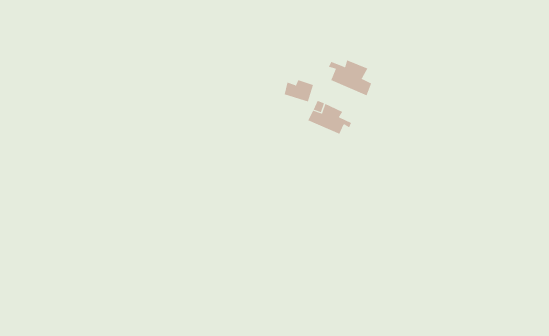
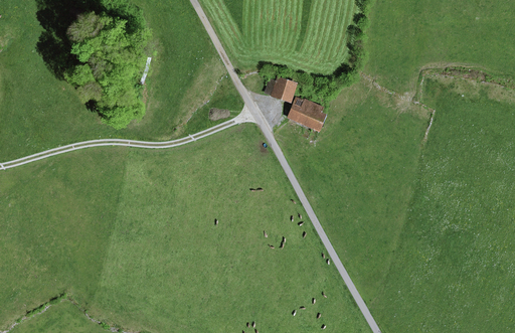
building: [328,60,372,96] -> none

